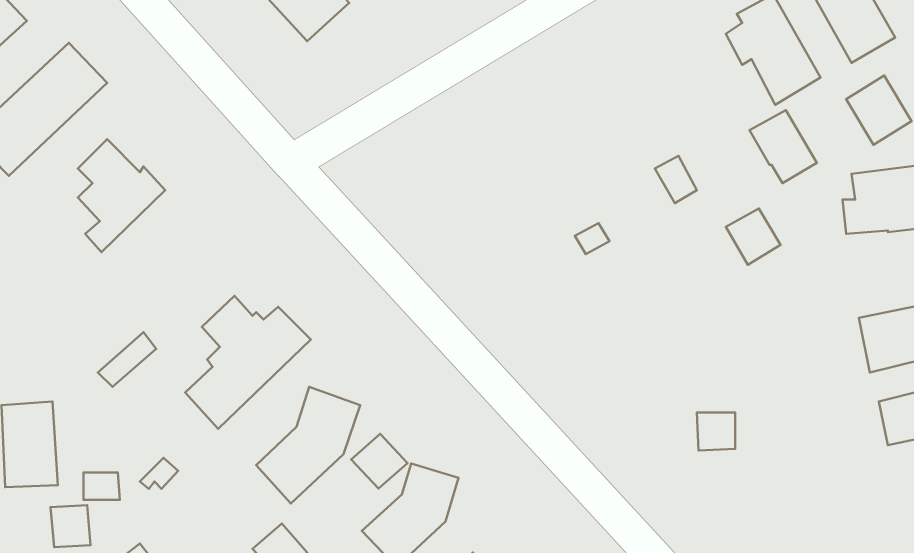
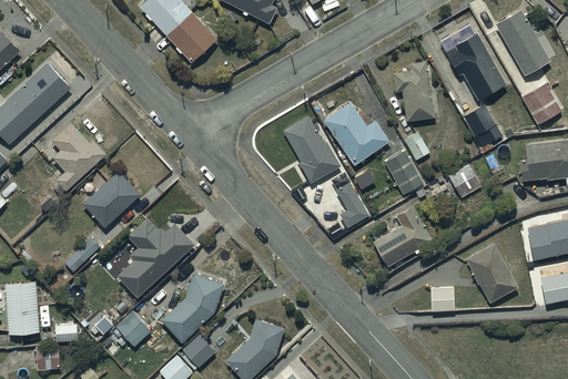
building: none -> [393,61,434,121]
building: none -> [323,102,389,165]
building: none -> [283,115,341,184]
building: none -> [385,150,424,195]
building: none -> [82,171,140,227]
building: none -> [329,174,369,238]
building: none -> [374,206,433,266]
building: none -> [465,244,517,301]
building: [351,434,408,489] -> [182,335,216,368]
building: none -> [115,311,152,347]

